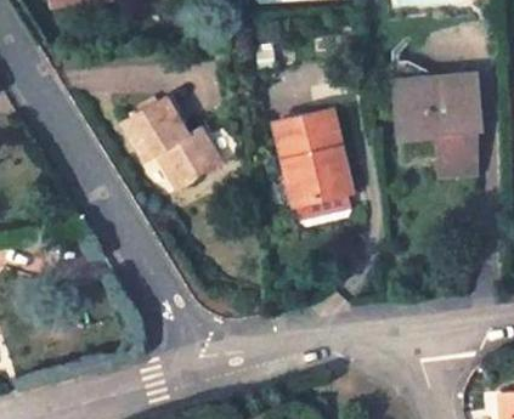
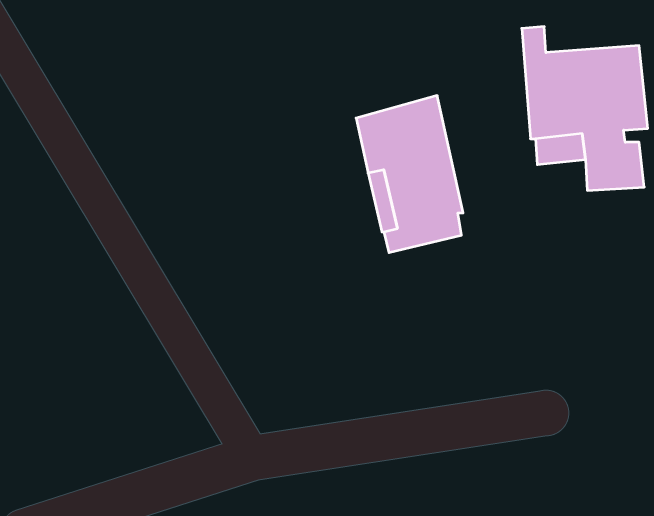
building: [124,98,222,189] -> none

